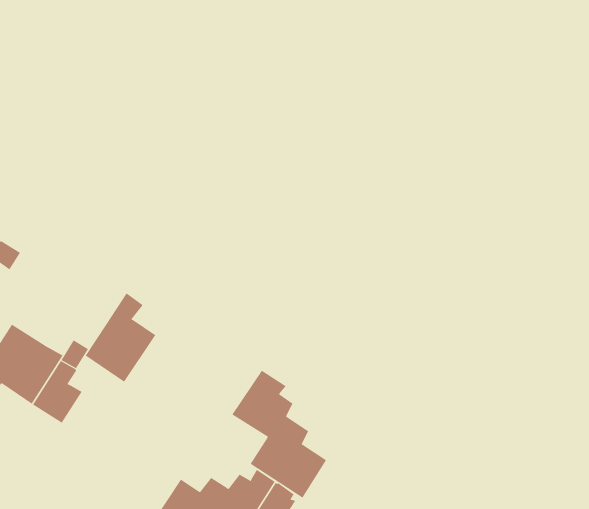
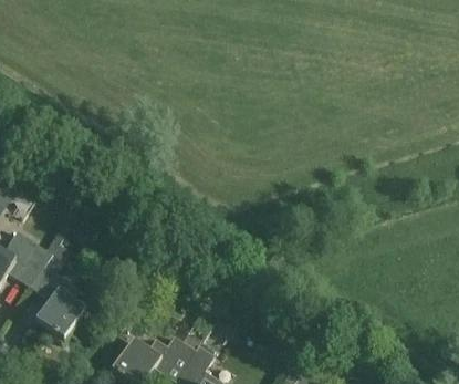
building: [85,292,156,382] -> [35,279,85,342]
building: [231,370,327,498] -> none

